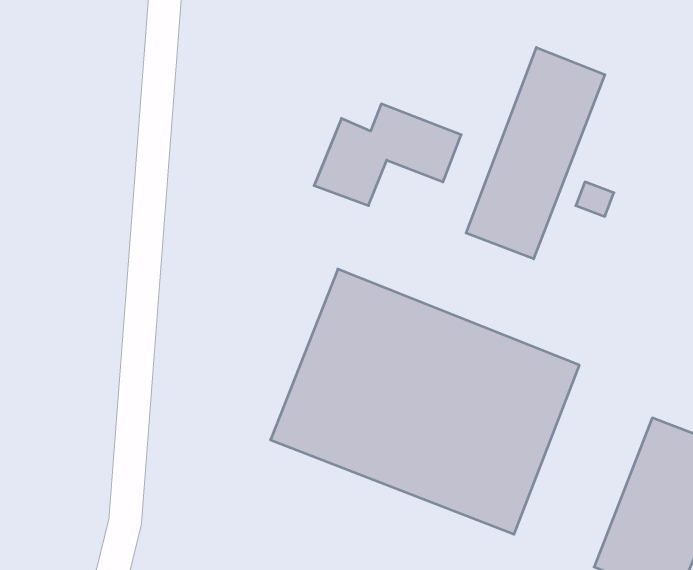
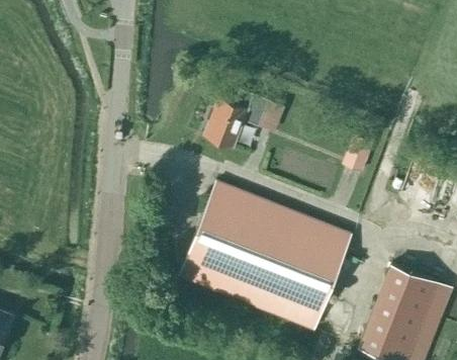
building: [466,47,605,259] -> none

